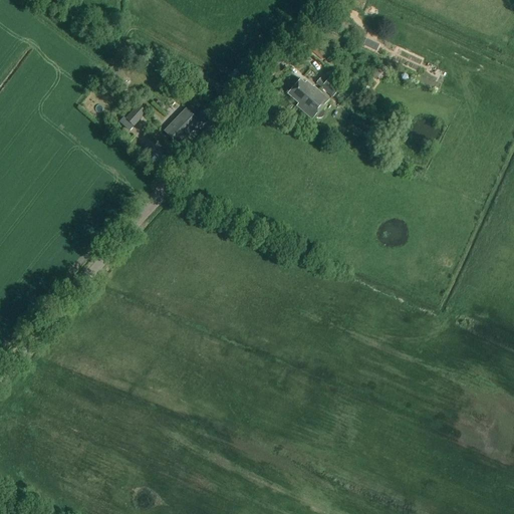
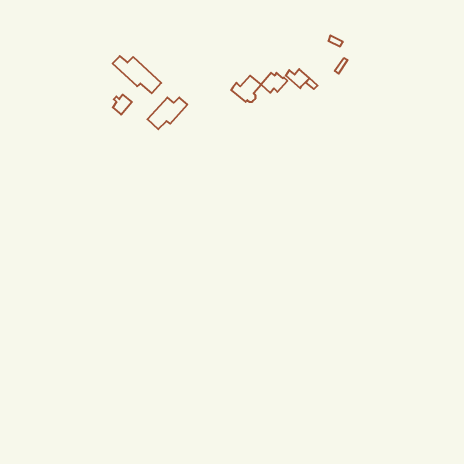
building: none -> [113,56,161,93]
building: [296,89,329,118] -> [231,76,261,102]

